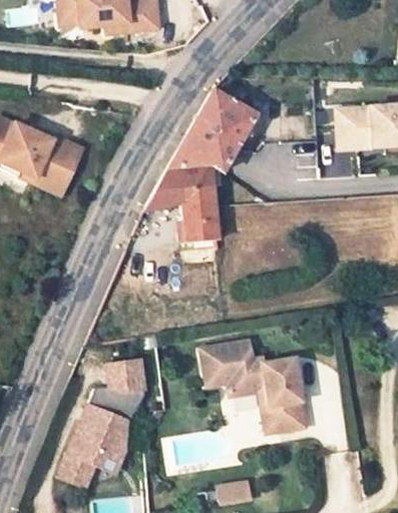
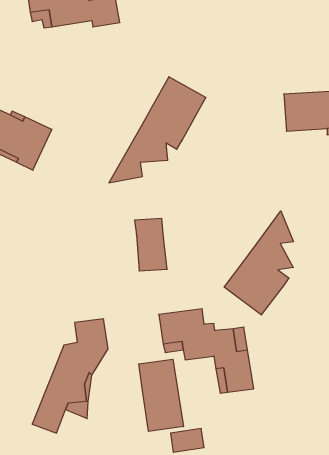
building: [182,180,219,238] -> [135,218,167,271]
building: none -> [224,211,293,315]
building: none -> [139,359,183,431]

